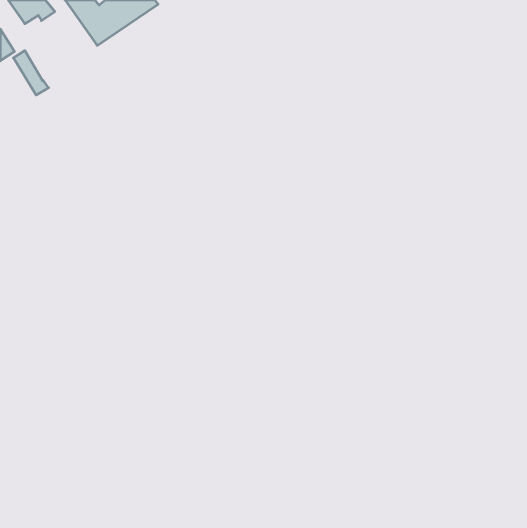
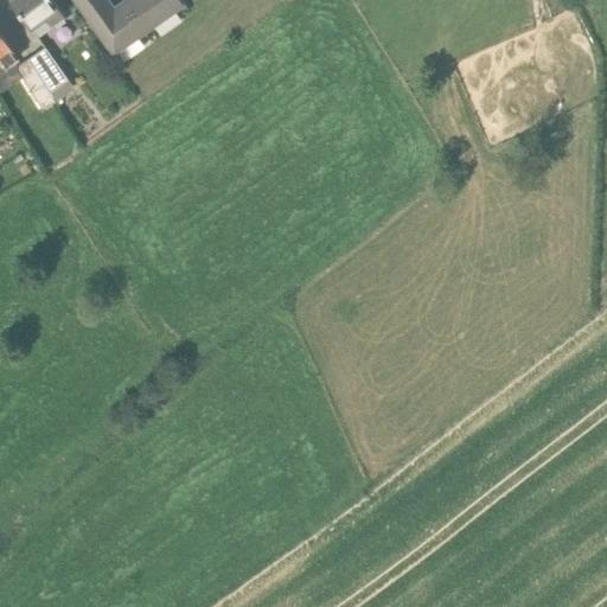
building: none -> [30,46,69,92]

